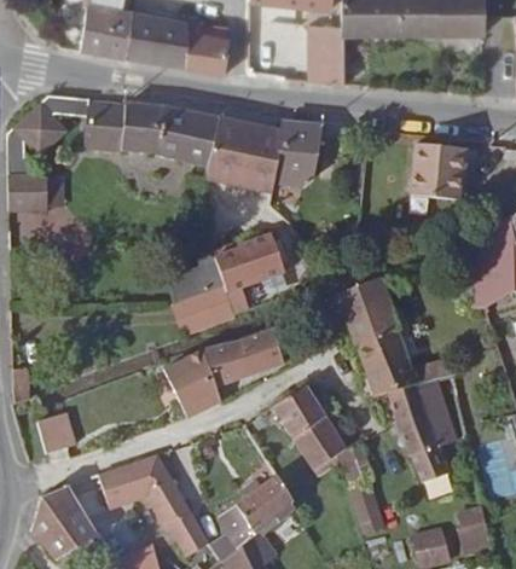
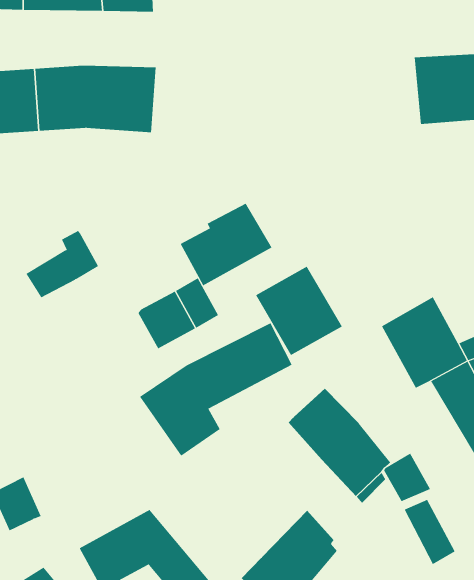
building: [207,118,319,194] -> none
building: [167,254,224,301] -> [26,230,99,298]
building: [337,278,400,344] -> [255,266,343,356]

